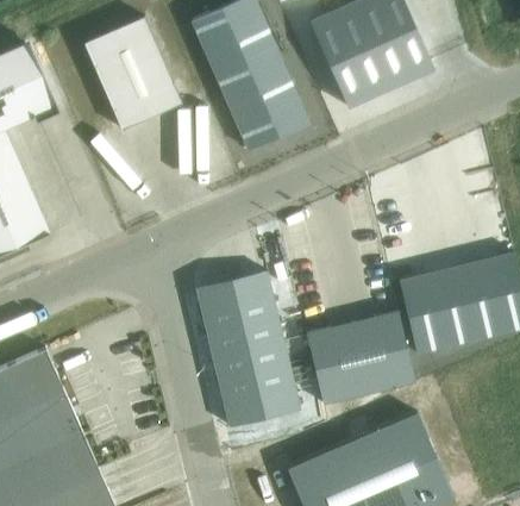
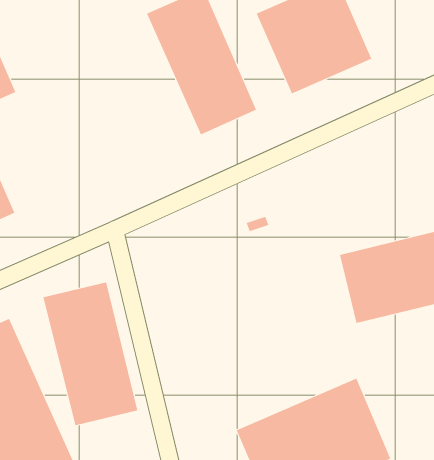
building: [83,17,182,129] -> none
building: [198,271,300,426] -> [43,282,138,426]
building: [307,313,415,406] -> none

